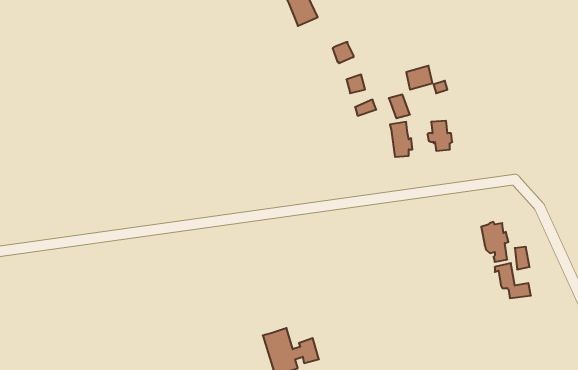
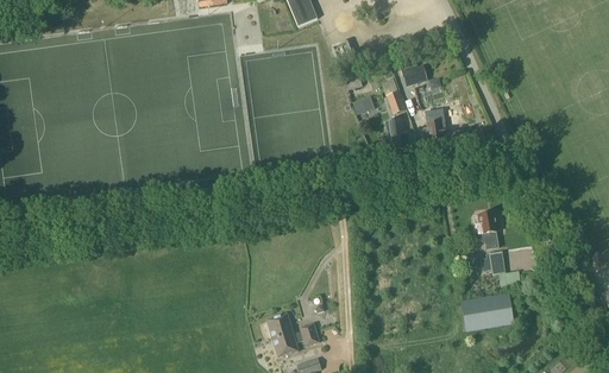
building: none -> [462,293,514,330]

